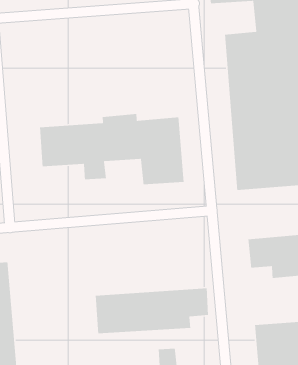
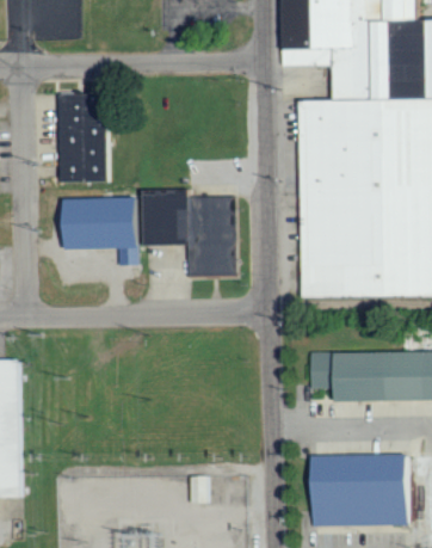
building: none -> [57,96,107,184]
building: [95,288,209,334] -> none

